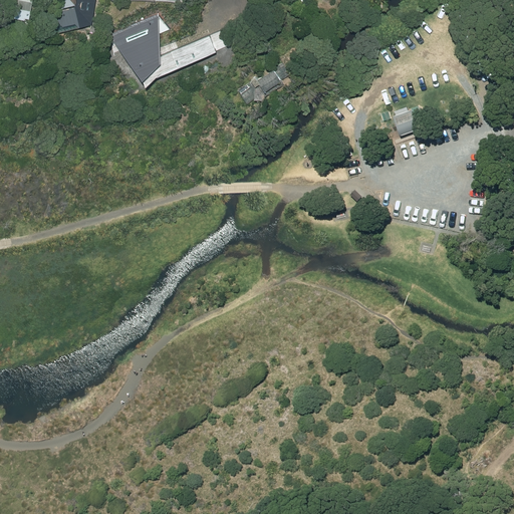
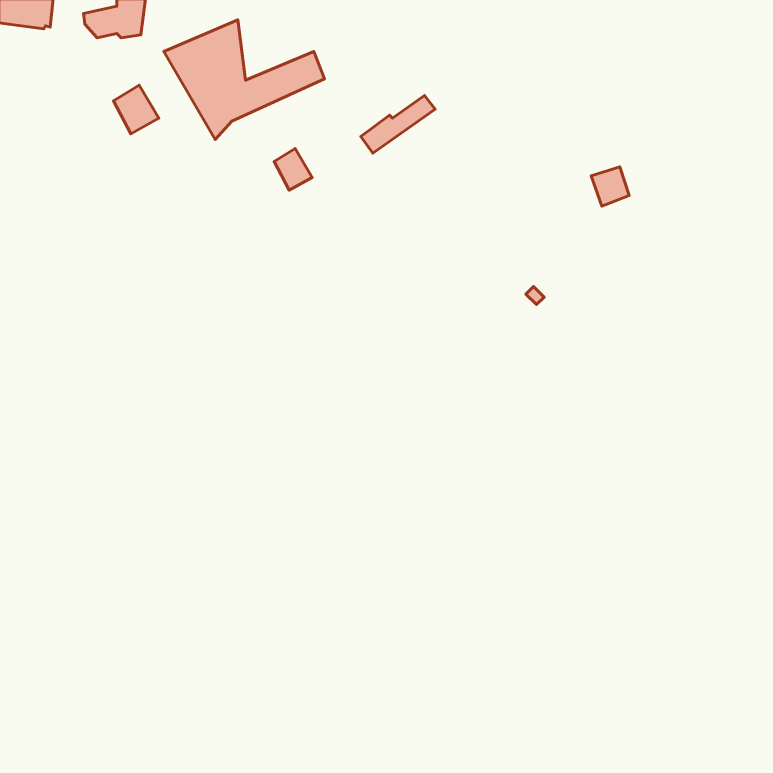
building: none -> [114,85,159,134]
building: none -> [274,149,312,190]

